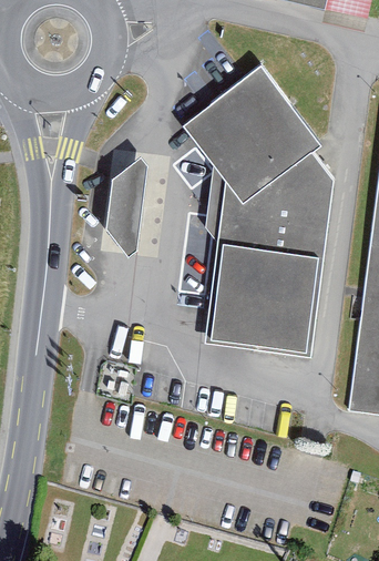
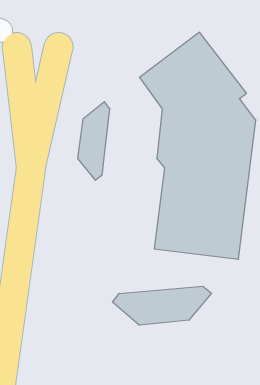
building: none -> [112,286,212,325]

